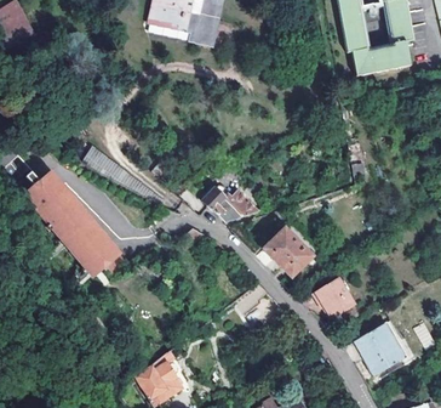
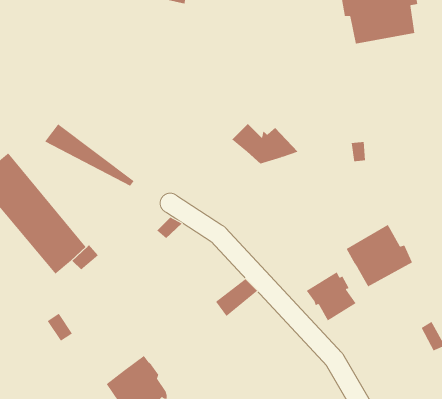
building: [200,186,259,222] -> [231,123,299,164]
building: [262,227,314,279] -> none
building: [354,319,413,375] -> [346,224,413,287]

